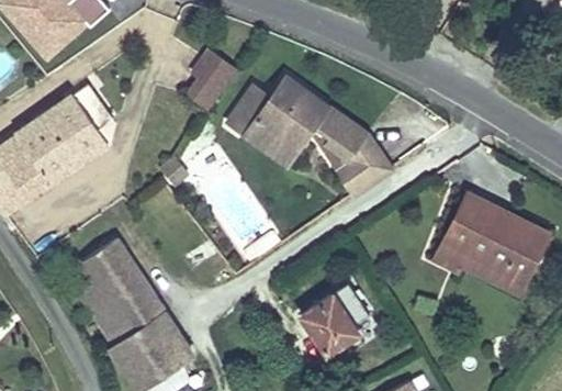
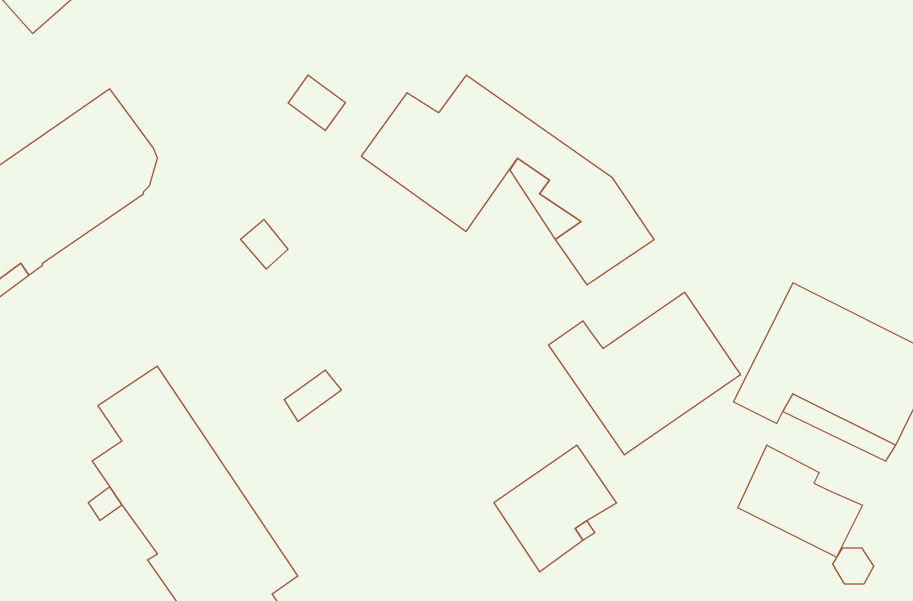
building: [191,49,235,92] -> none
building: none -> [549,292,741,455]
building: none -> [738,445,863,557]

